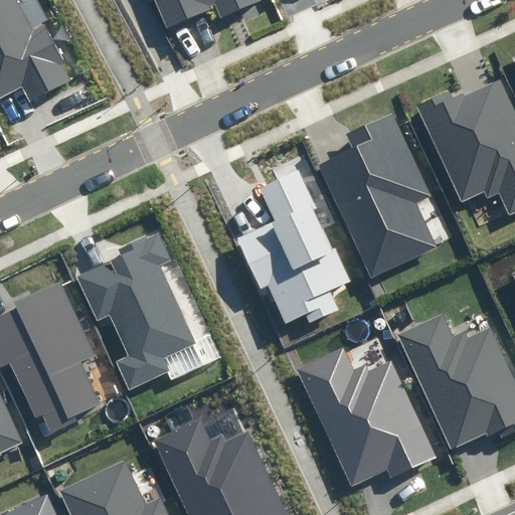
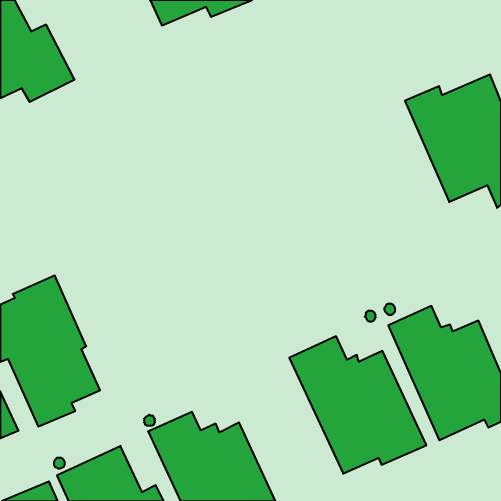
building: [319,113,437,277] -> none
building: [240,169,352,323] -> none
building: [77,230,195,390] -> none

